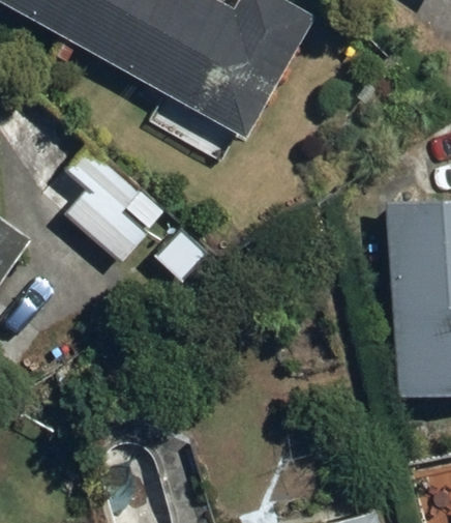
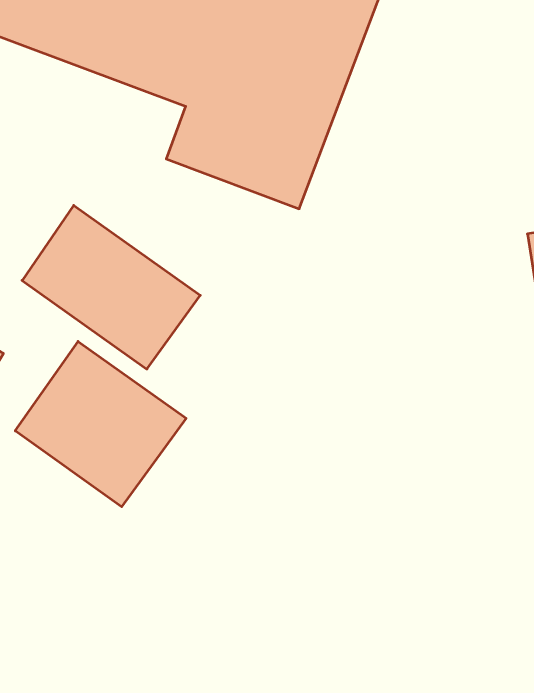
building: none -> [15,341,186,507]

